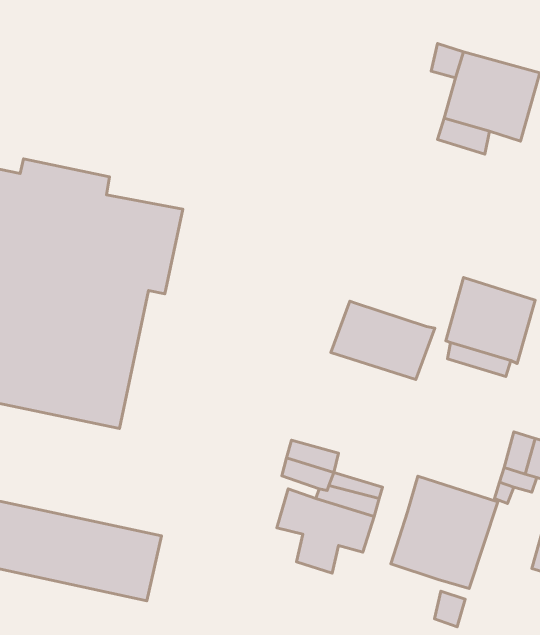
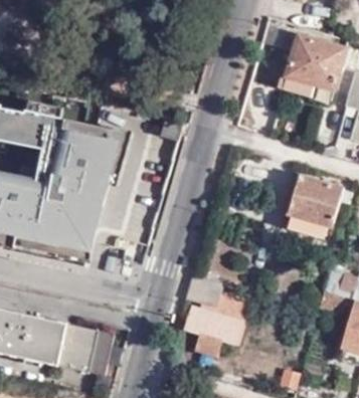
building: [331,301,435,379] -> none
building: [391,476,498,589] -> none

